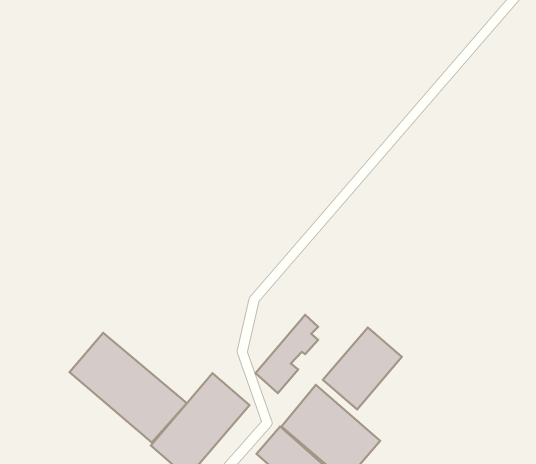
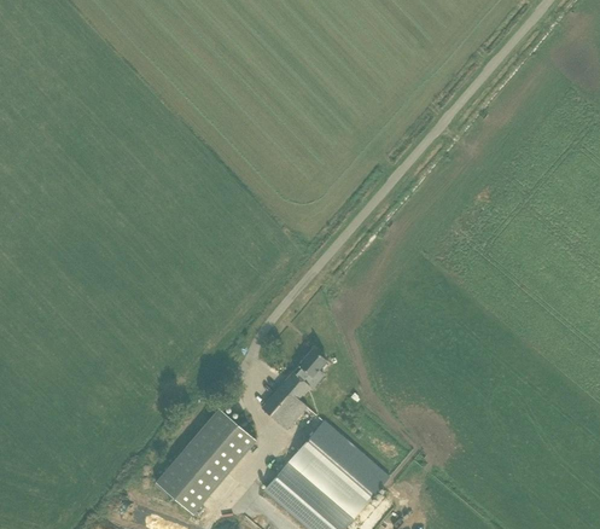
building: [323,327,402,409] -> none
building: [70,333,187,443] -> none

